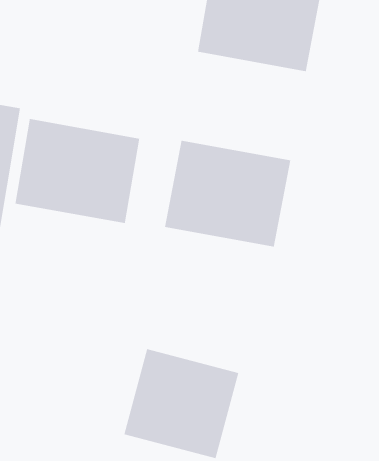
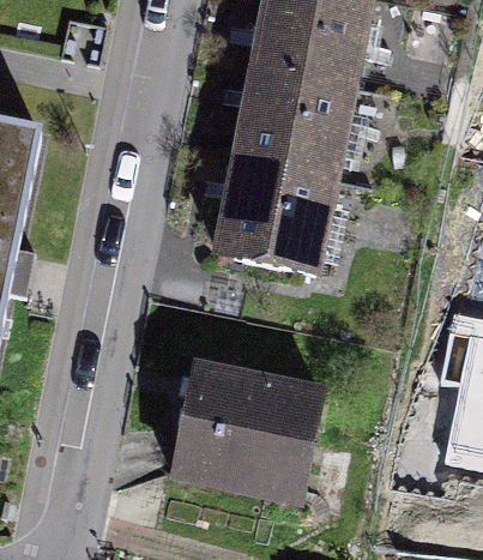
building: none -> [223,65,360,182]
building: [15,118,140,224] -> none

